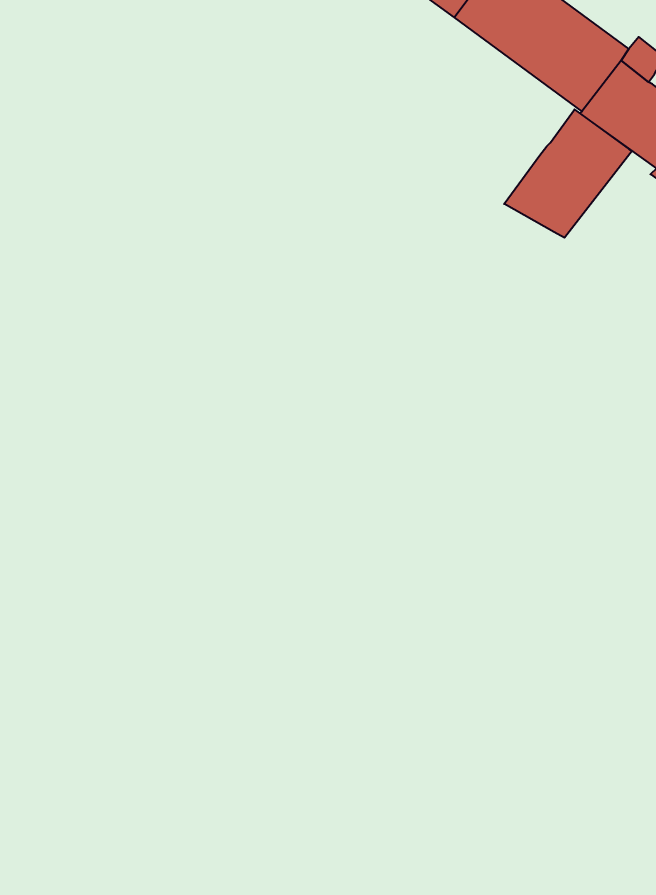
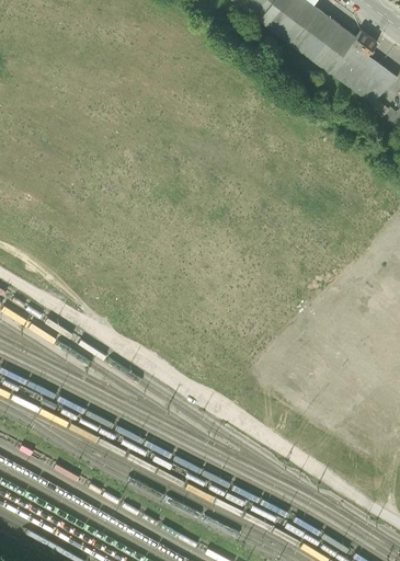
building: [504,109,632,238] -> none

